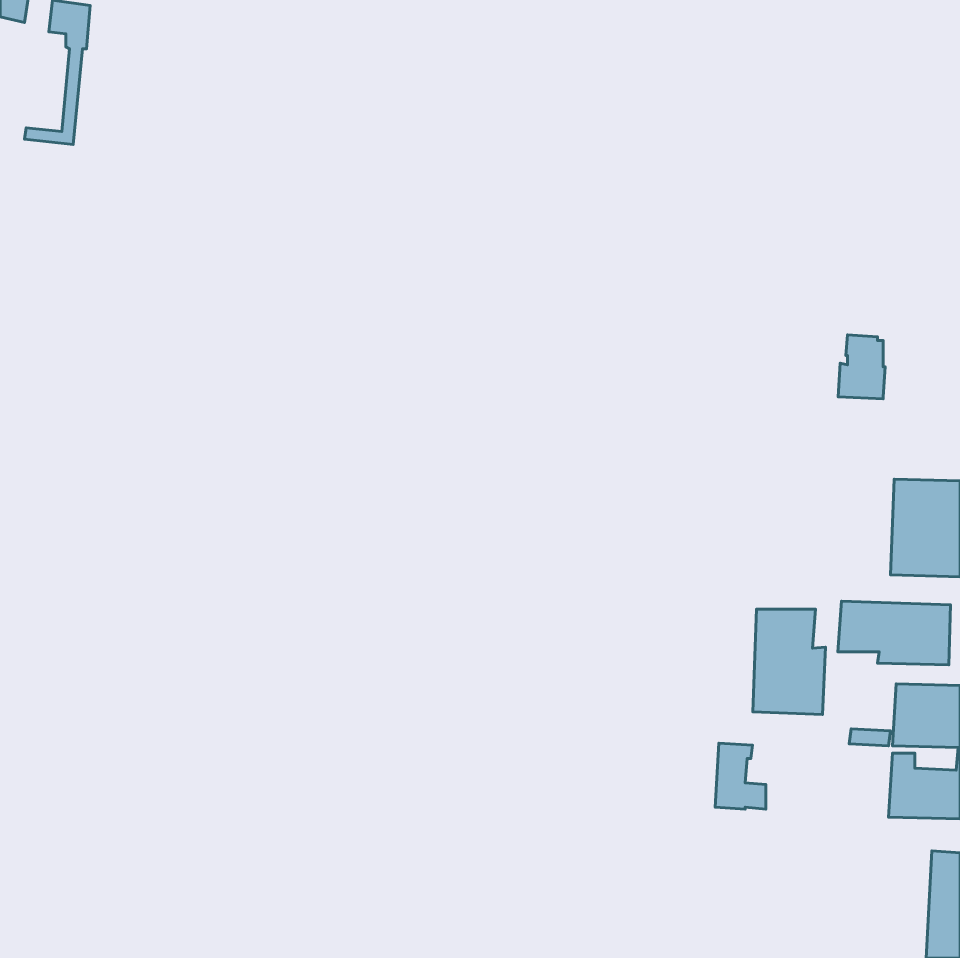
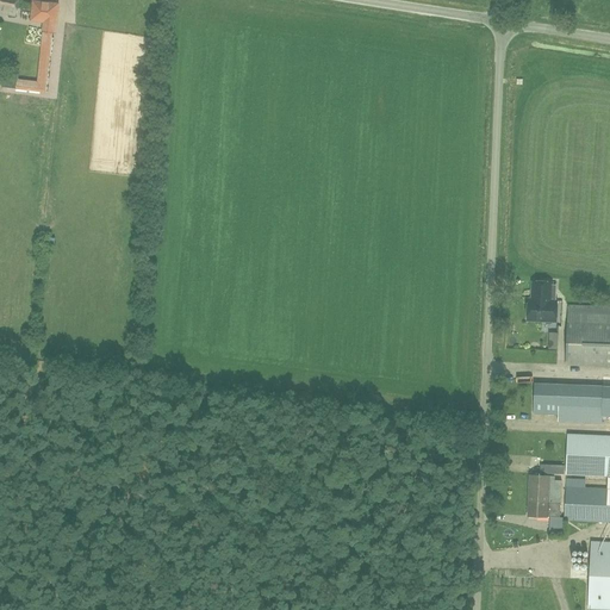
building: [838,335,885,399] -> [527,280,556,320]
building: [753,609,826,714] -> none
building: [715,743,766,809] -> [528,474,560,516]

